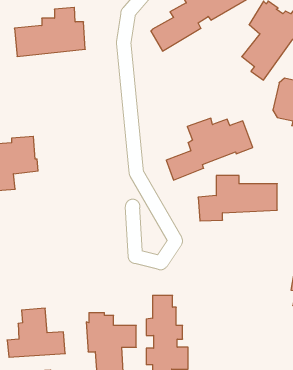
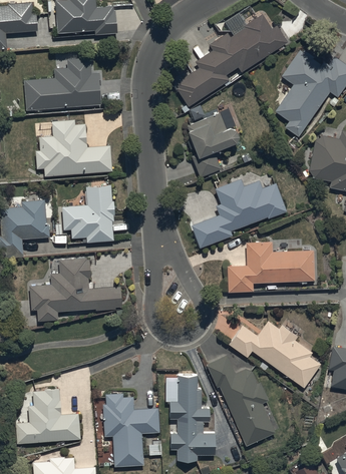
building: none -> [187,113,240,177]
building: none -> [36,121,112,176]
building: none -> [63,185,114,242]
building: none -> [29,260,122,322]
building: none -> [229,321,321,388]
building: none -> [208,356,276,447]

